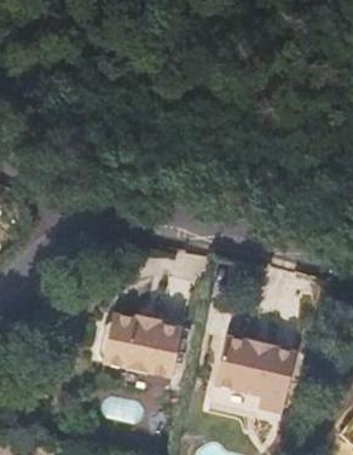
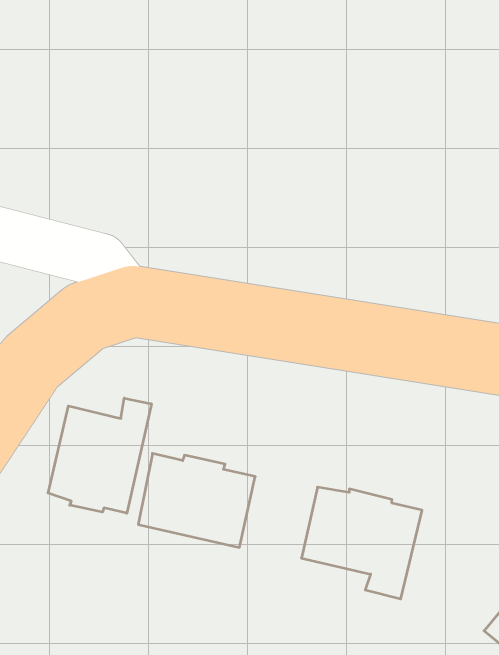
building: none -> [48,398,151,513]

